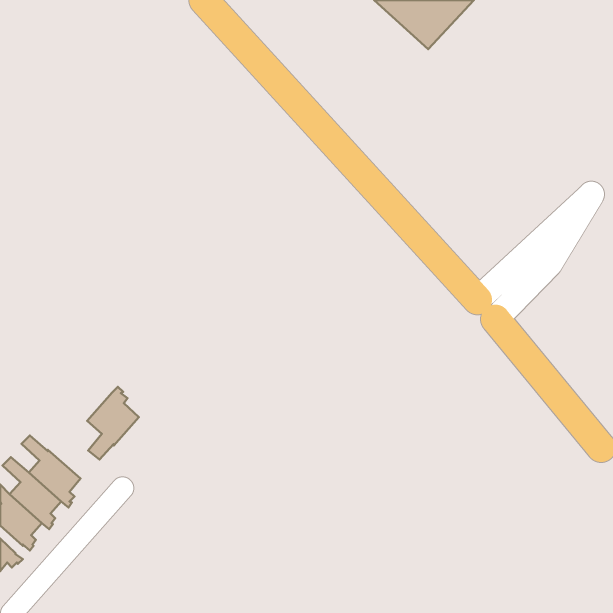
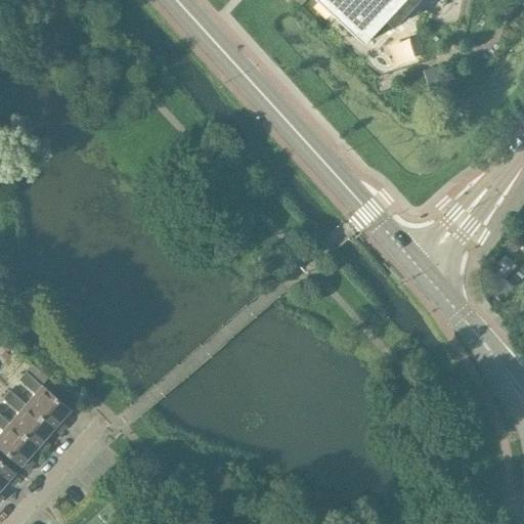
building: [87,387,139,459] -> none

